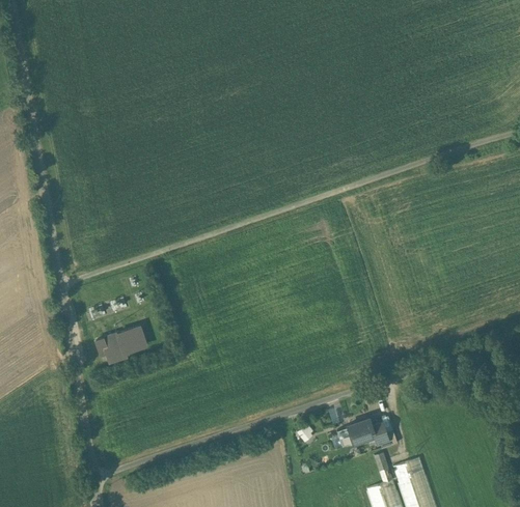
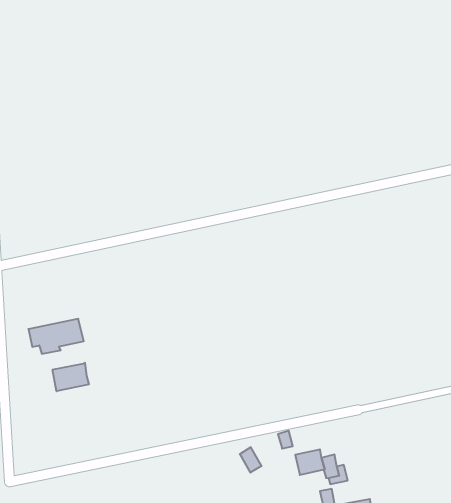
building: none -> [53,363,89,391]

